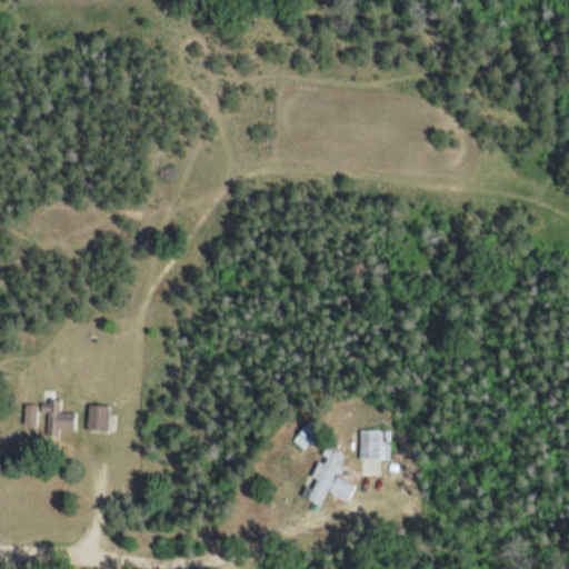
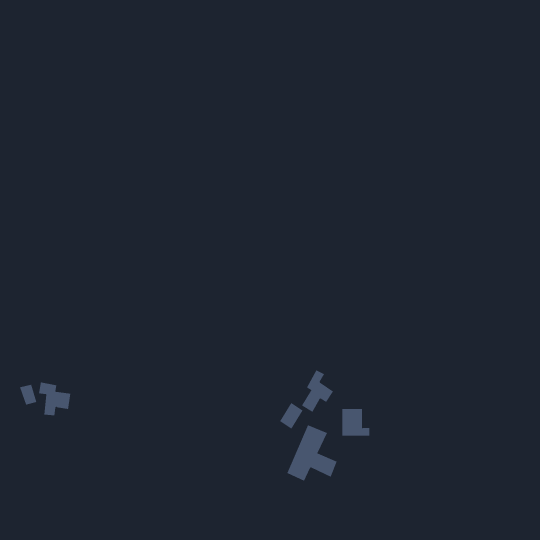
building: none -> [301,370,334,413]
building: [88,405,110,432] -> none

